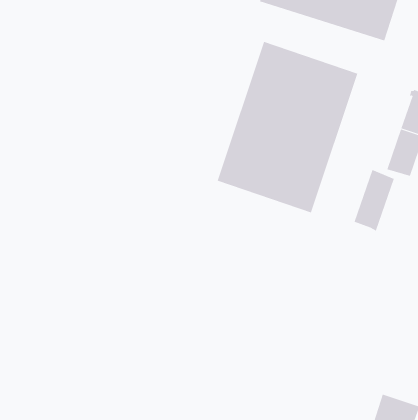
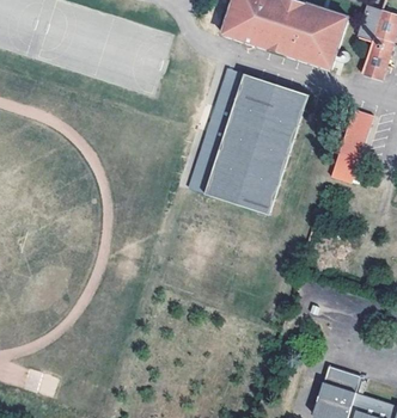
building: [354,169,395,232] -> none

